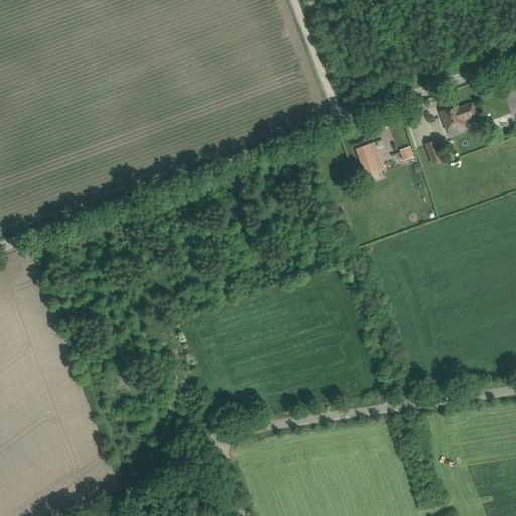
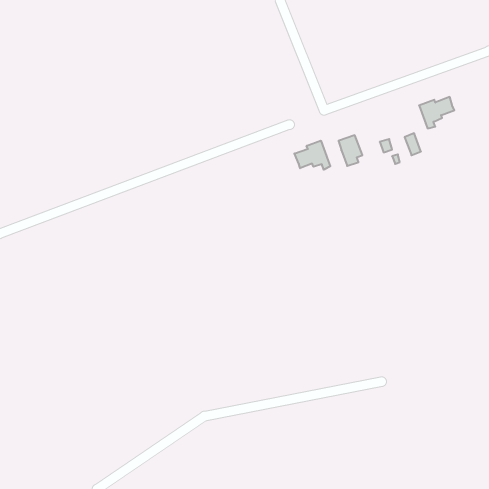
building: none -> [294,141,330,170]

